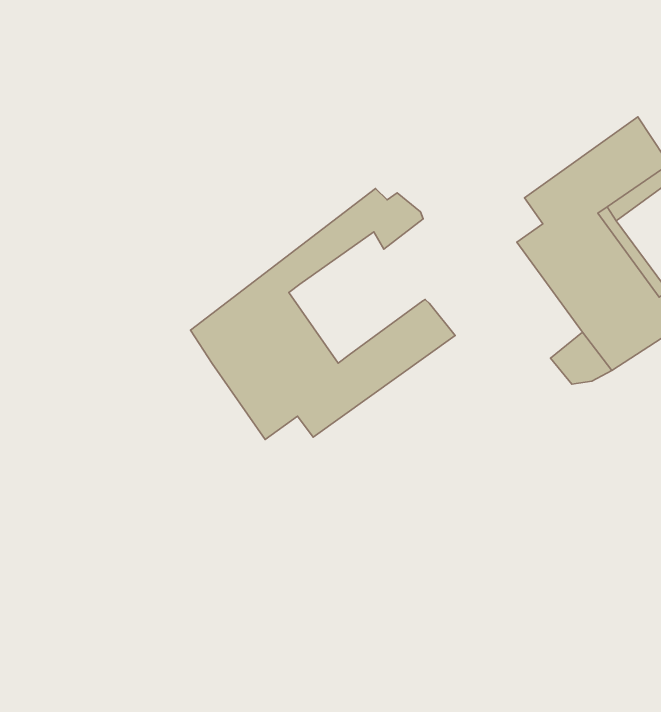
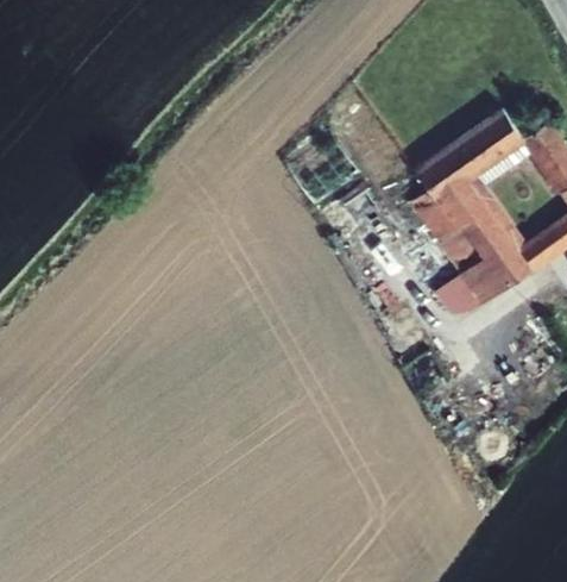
building: [190,189,455,439] -> none

